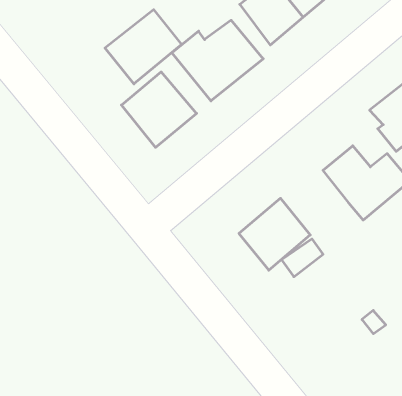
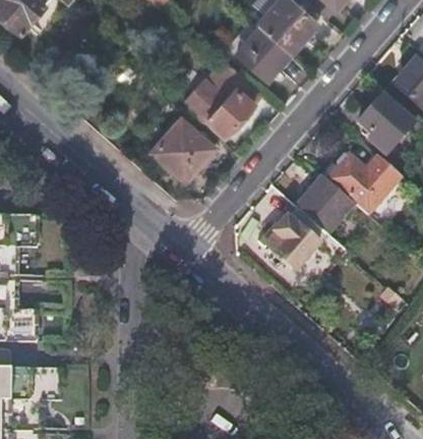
building: [105,10,182,84] -> none
building: none -> [293,176,350,234]

